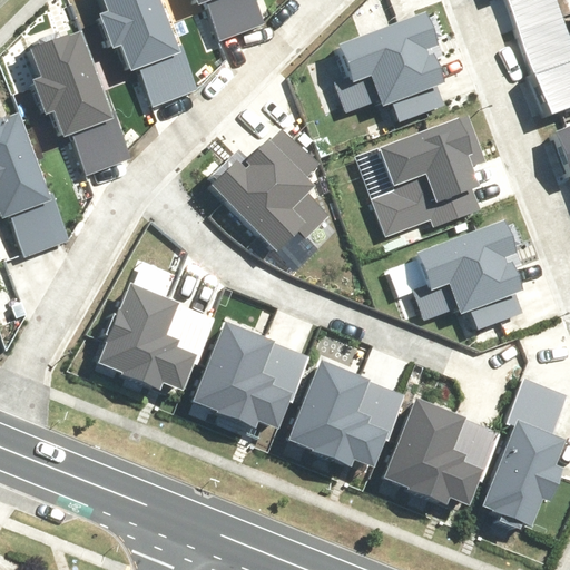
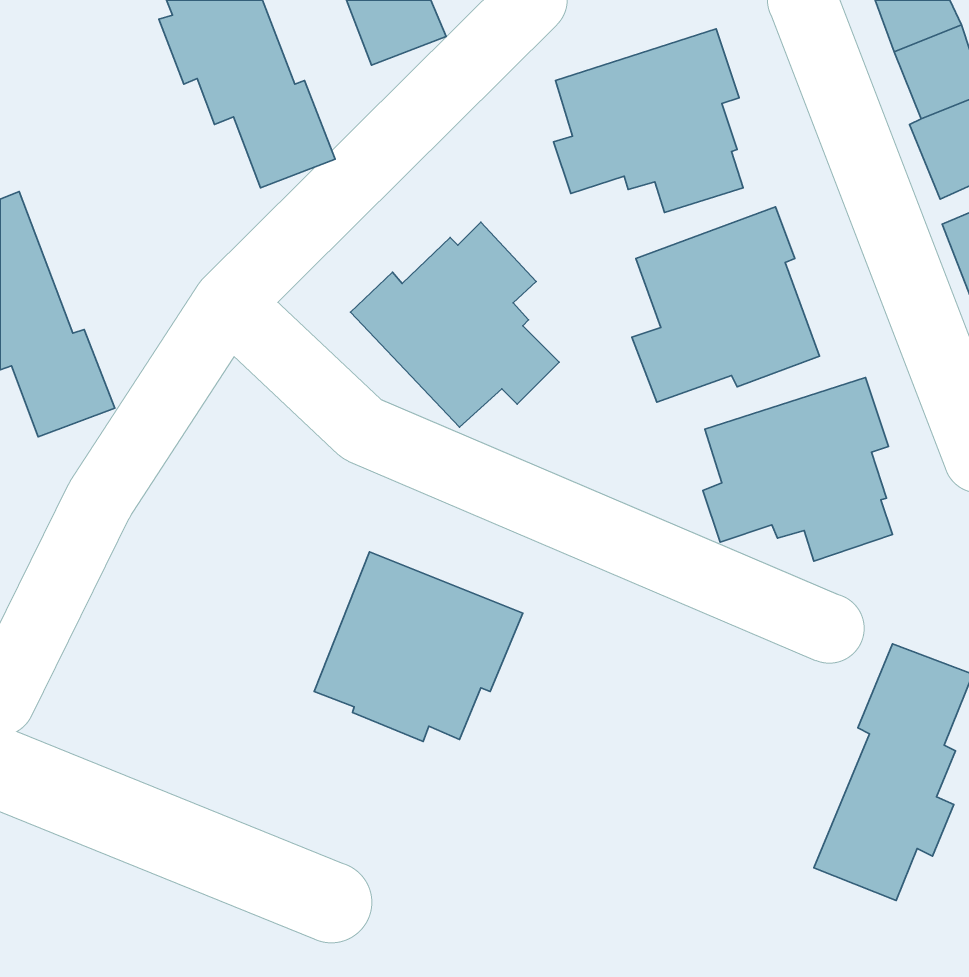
building: [27,27,130,169] -> none
building: [97,281,217,391] -> none
building: [286,357,407,466] -> none
building: [383,393,504,502] -> none

